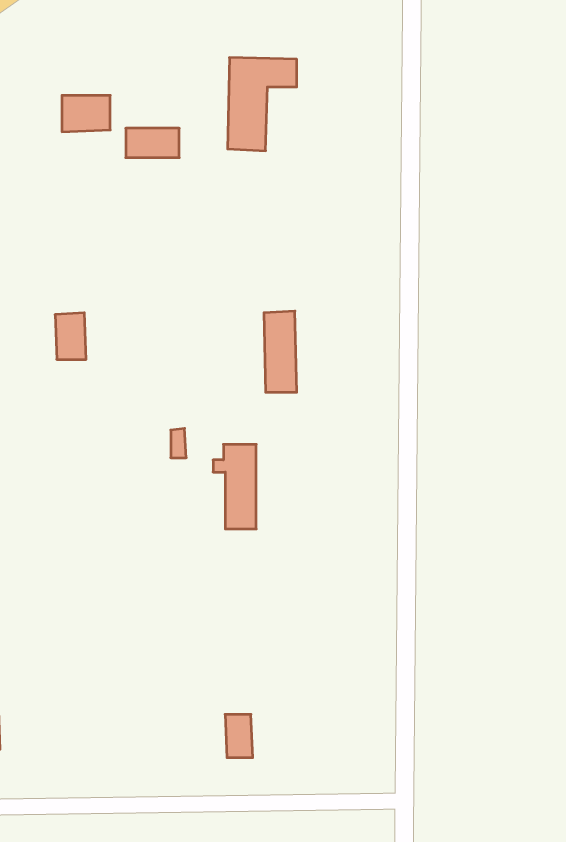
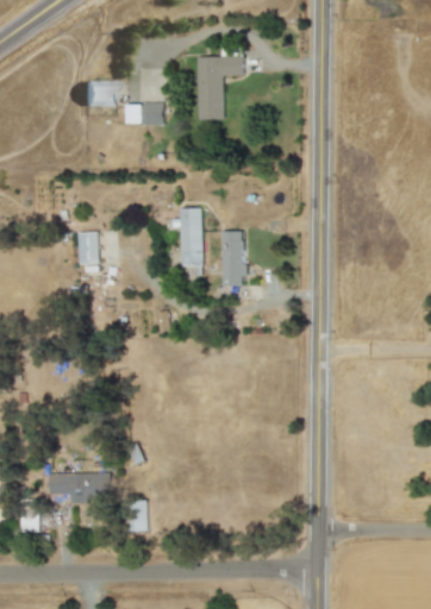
building: [213,444,256,529] -> [171,208,201,266]
building: none -> [49,473,111,502]
building: [225,714,253,758] -> [129,502,148,532]

